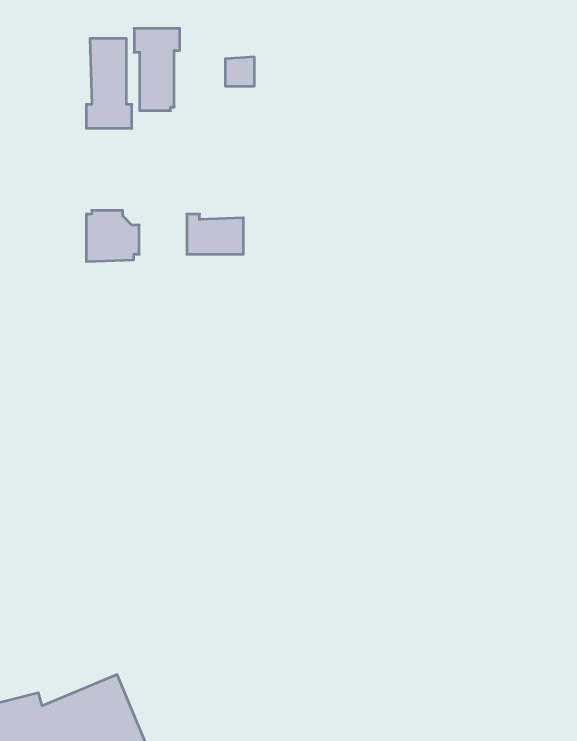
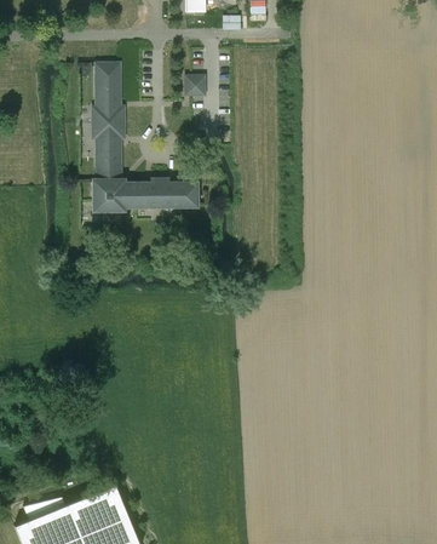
building: [134,28,180,111] -> [93,124,123,178]
building: none -> [128,181,160,207]

